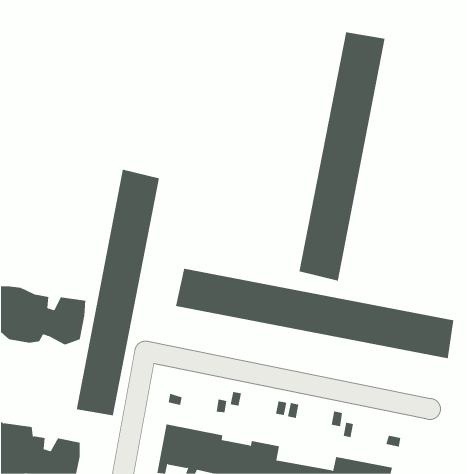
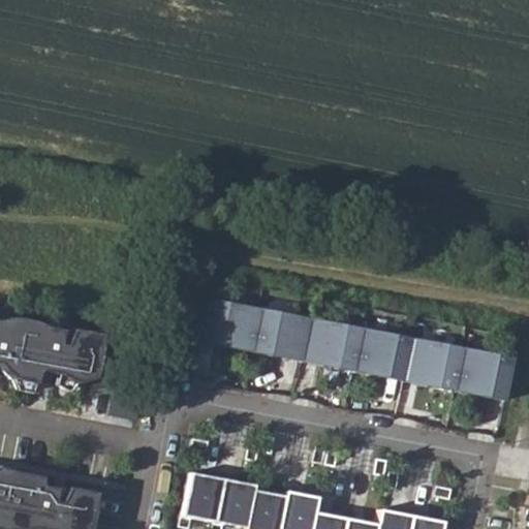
building: [299,31,385,281] -> none
building: [76,169,159,416] -> none

